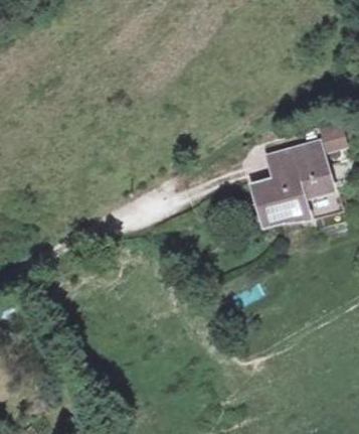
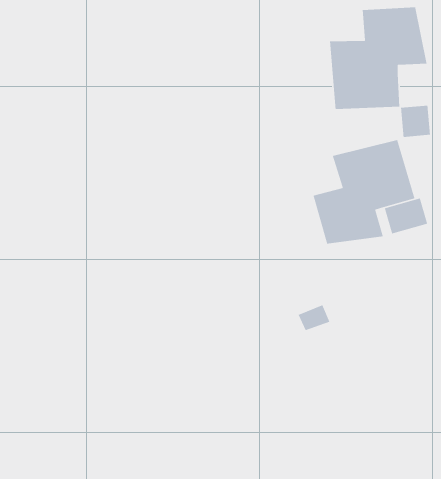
building: none -> [329,6,428,110]

